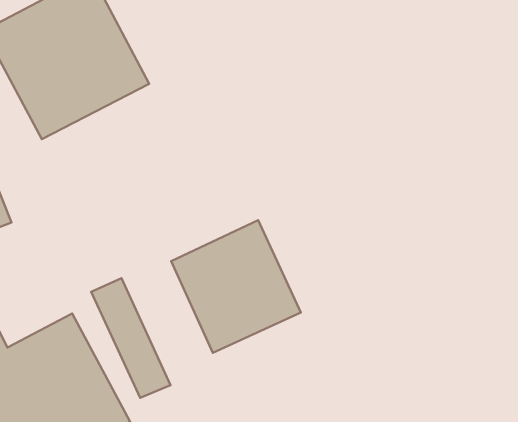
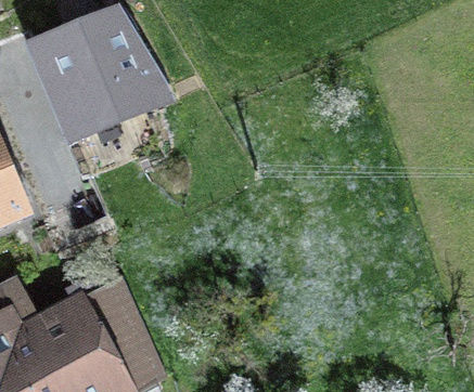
building: [171,220,301,353] -> none

